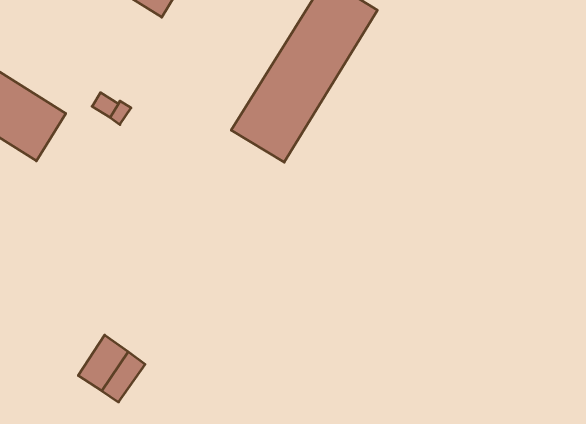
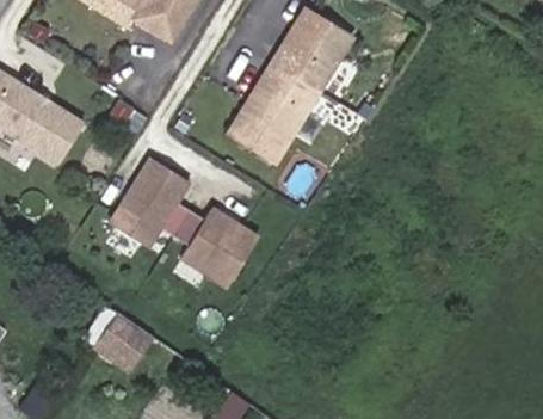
building: none -> [107,160,255,282]

